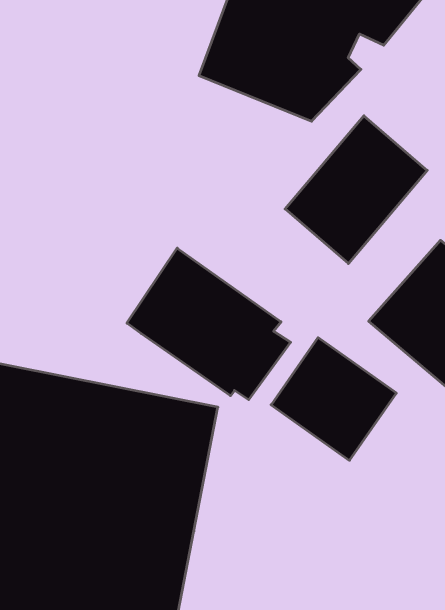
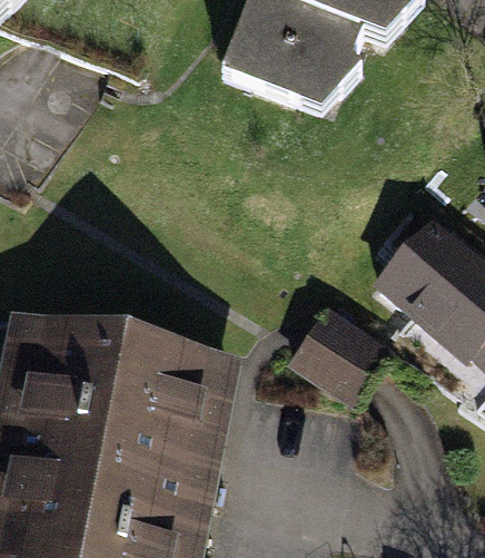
building: [285,116,427,264] -> none
building: [127,248,291,400] -> none

